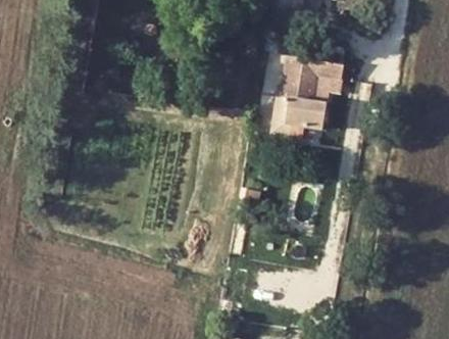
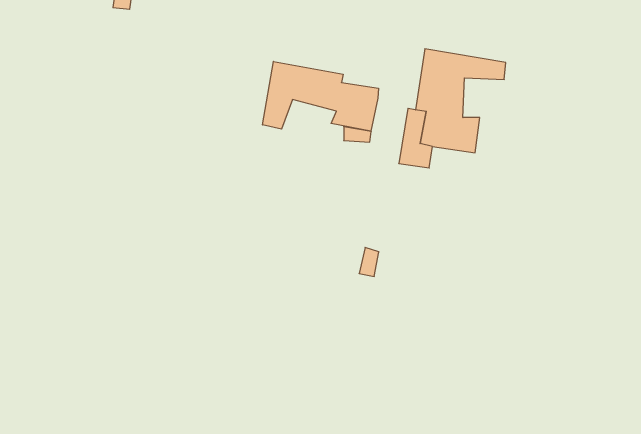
building: none -> [263,61,378,131]

